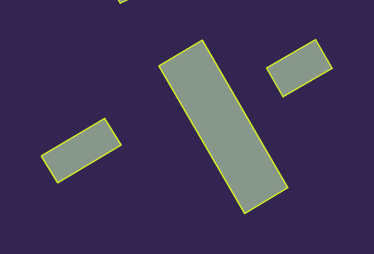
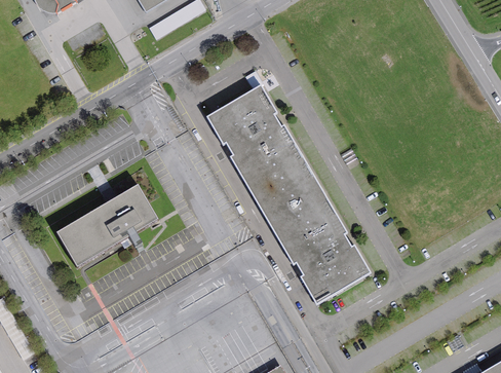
building: [267,40,332,97] -> none

